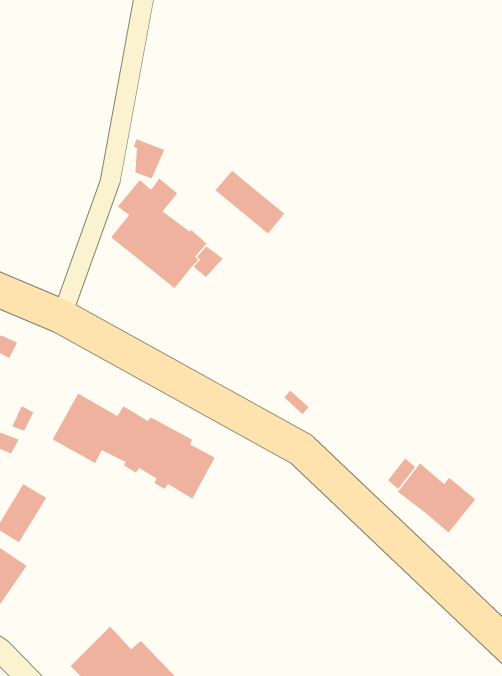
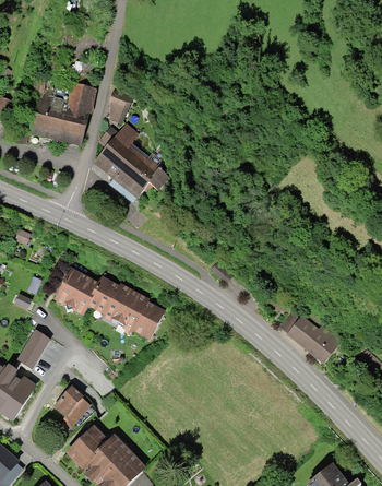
building: none -> [29,82,97,145]
building: [215,170,285,234] -> none
building: none -> [52,384,91,427]

